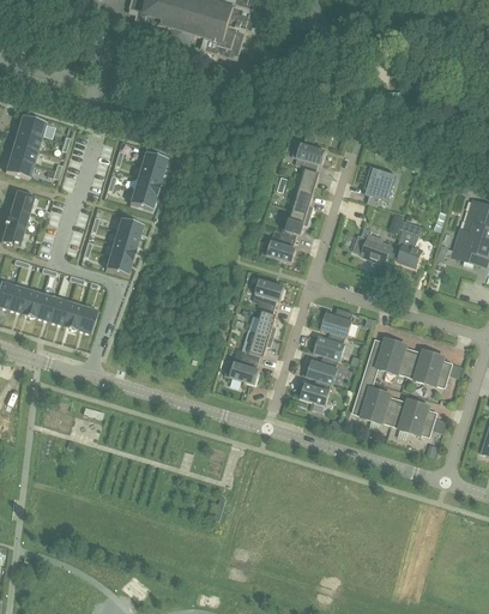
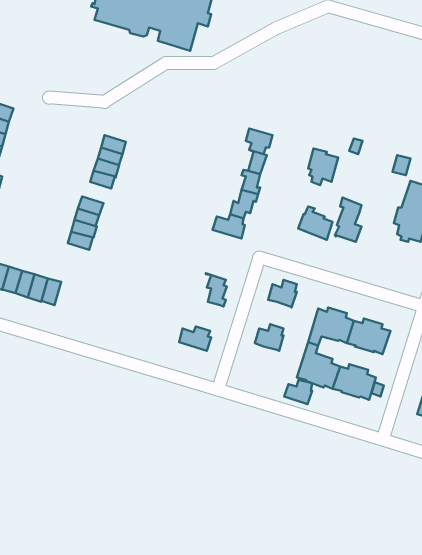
building: [253,278,284,306] -> none
building: [242,330,272,361] -> none
building: [313,330,344,359] -> none
building: [300,378,330,404] -> [284,380,312,404]

